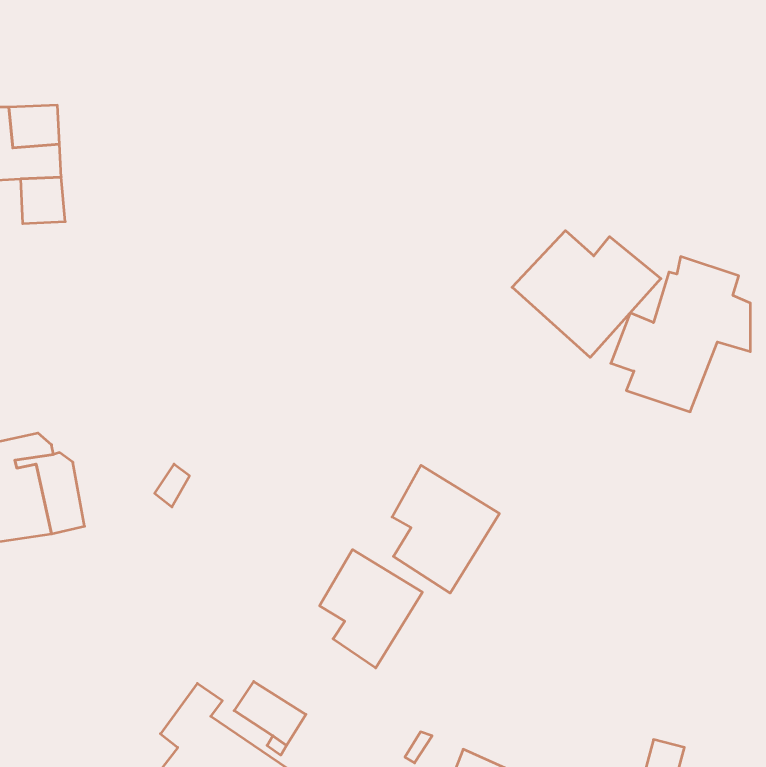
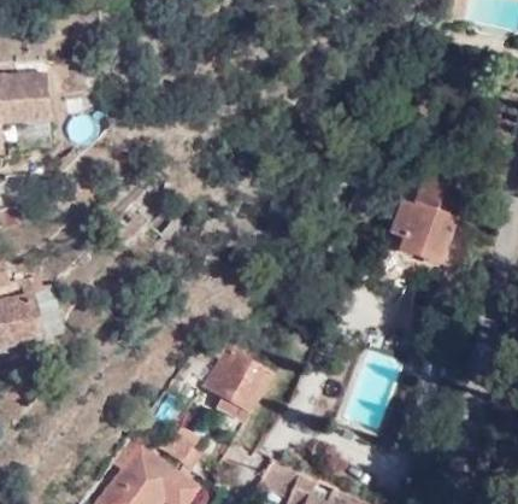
building: [512,231,661,357] -> none
building: [392,465,499,593] -> none

